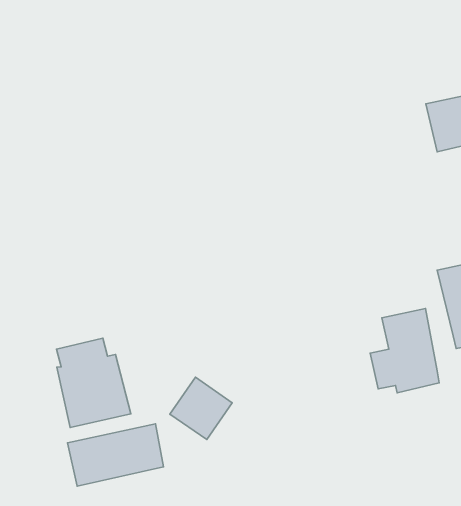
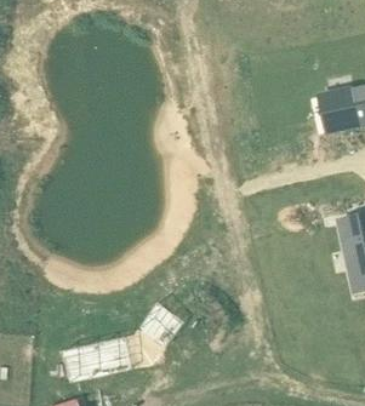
building: [370,309,439,393] -> none
building: [57,338,131,427] -> none

